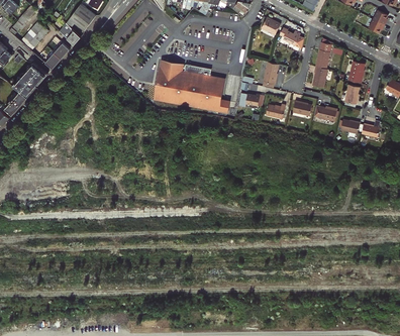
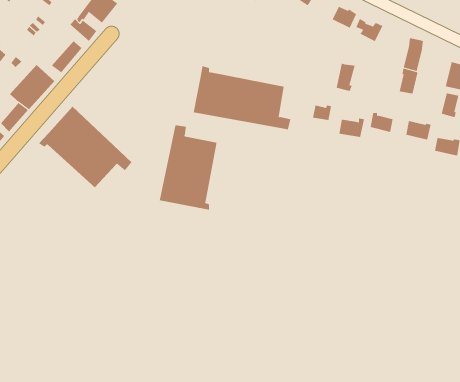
building: none -> [38,106,132,188]
building: none -> [159,124,217,210]

